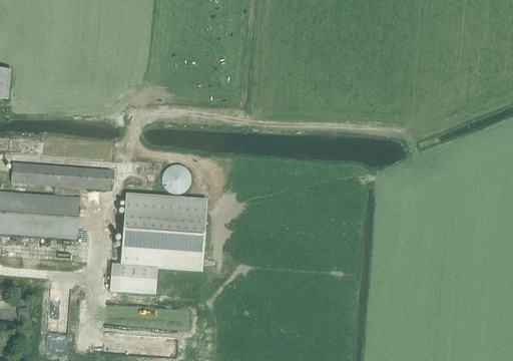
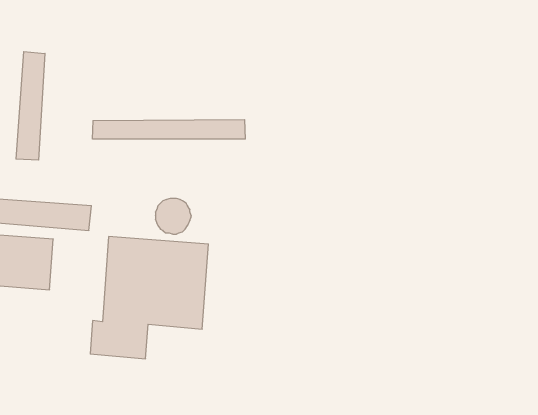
building: none -> [16,52,45,160]
building: none -> [93,120,245,139]

